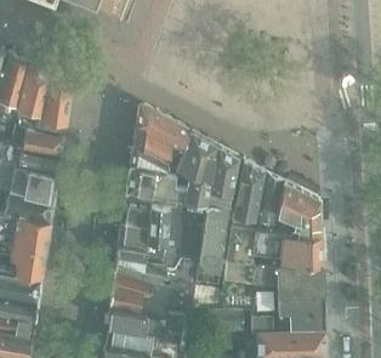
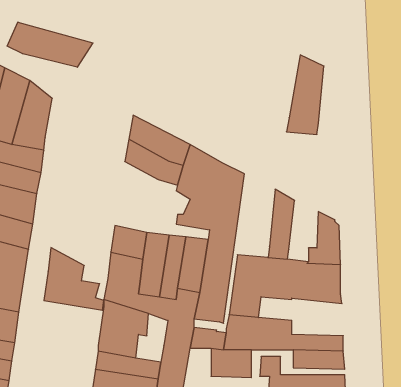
building: none -> [7,22,93,67]
building: [127,149,180,204] -> [44,248,104,310]
building: [232,164,265,233] -> [286,55,324,134]
building: [275,183,302,237] -> none
building: [250,267,324,301] -> none

